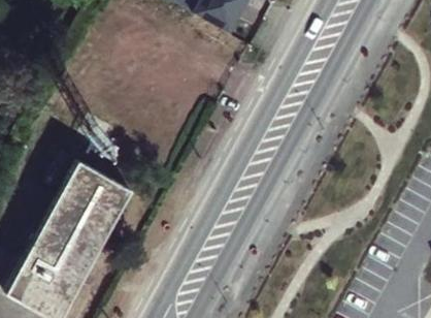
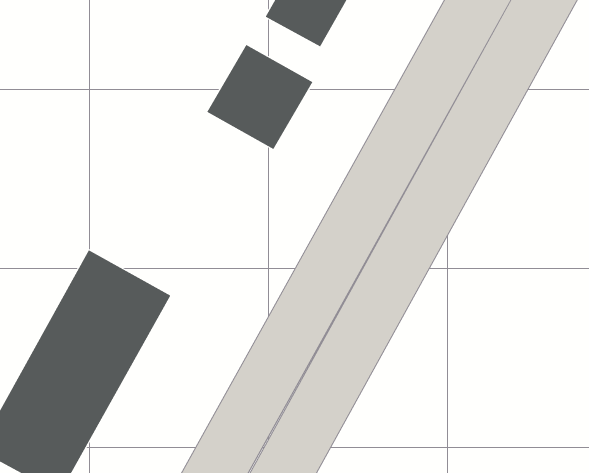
building: none -> [207,44,313,150]

